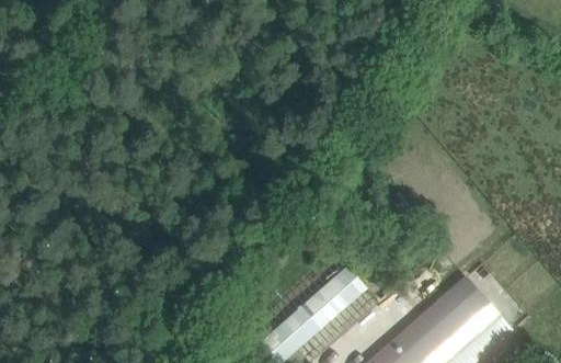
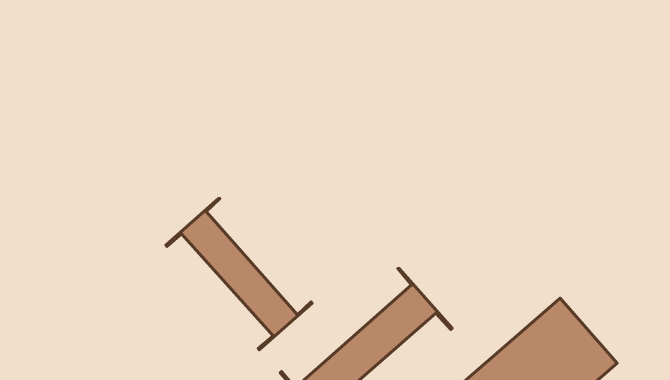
building: none -> [166,198,312,350]

